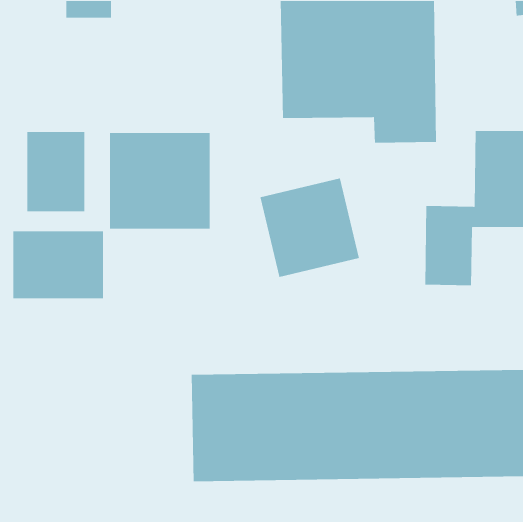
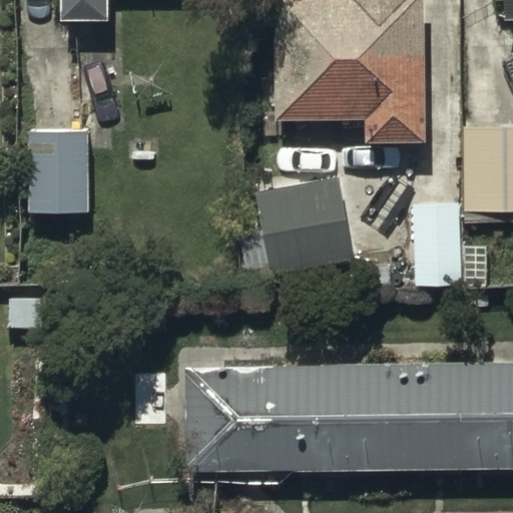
building: [109,132,211,229] -> none
building: [12,231,104,299] -> none

